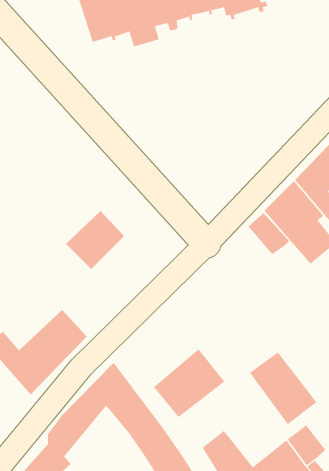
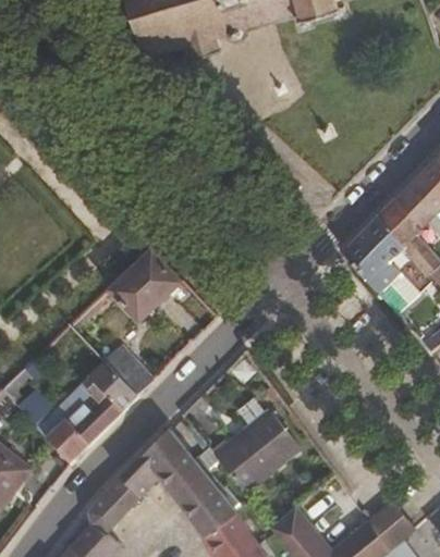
building: [248,212,290,255] -> none
building: none -> [106,345,155,396]
building: [249,352,317,425] -> none

